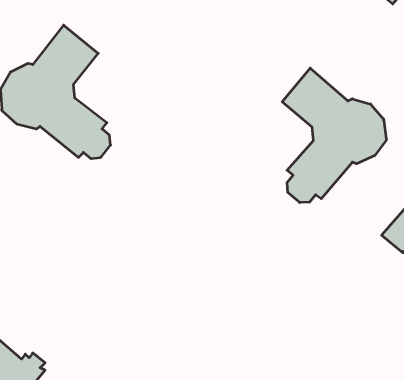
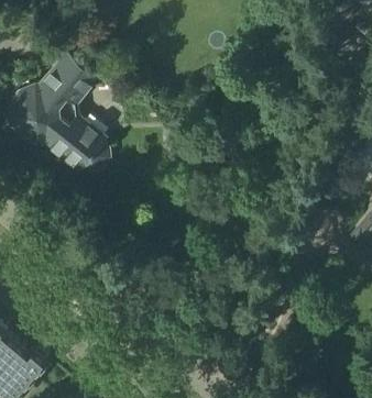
building: [282,68,386,203] -> none

